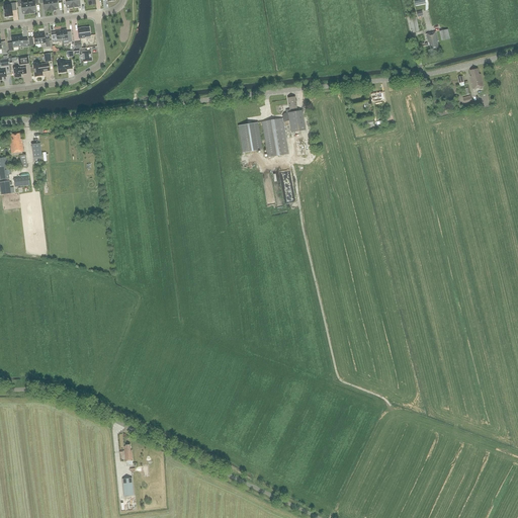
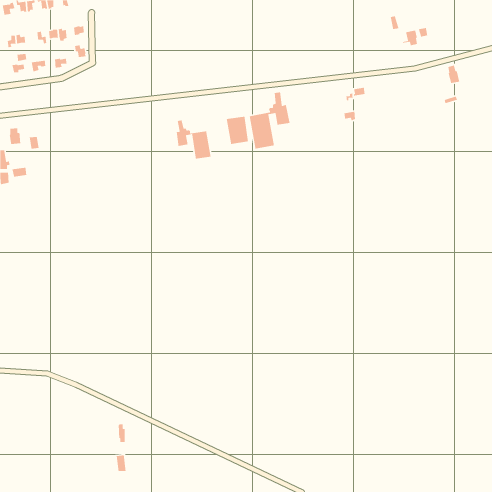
building: none -> [176,120,211,160]

